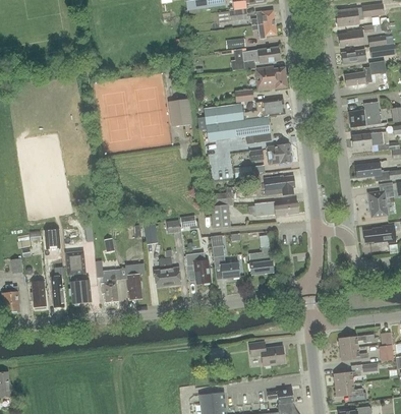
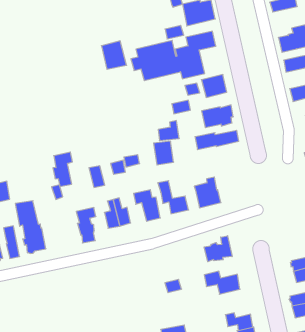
building: [101,268,121,301] -> [53,152,72,186]
building: none -> [204,236,232,262]

